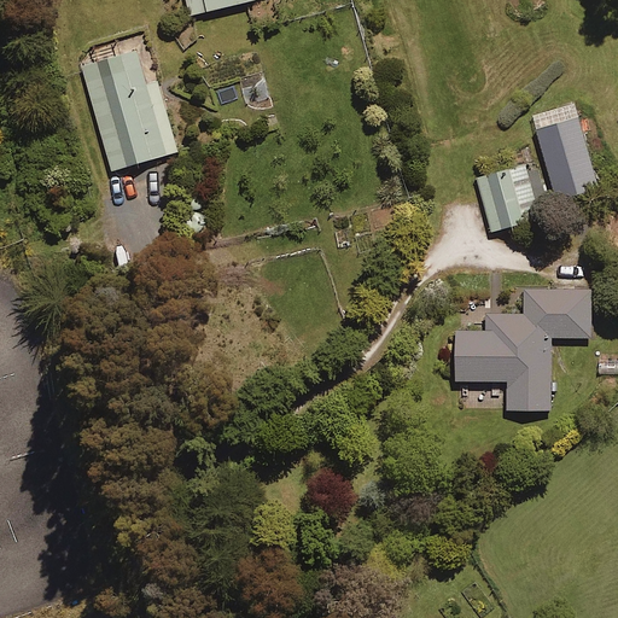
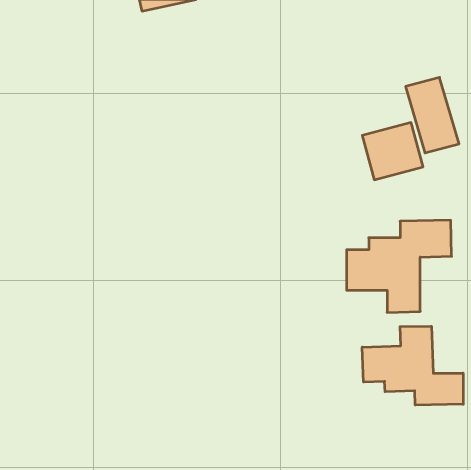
building: [81,49,180,173] -> none
building: none -> [362,326,463,405]

